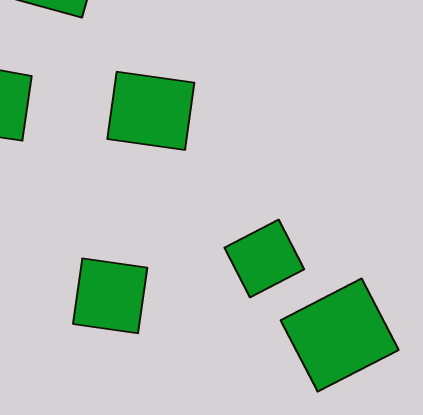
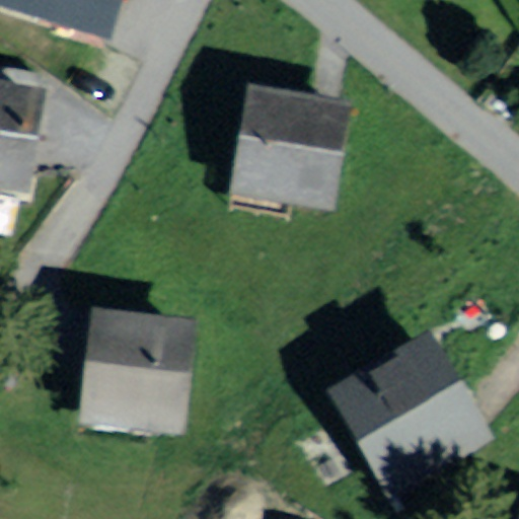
building: [107,72,194,150] -> [234,86,340,180]
building: [224,220,304,297] -> none

